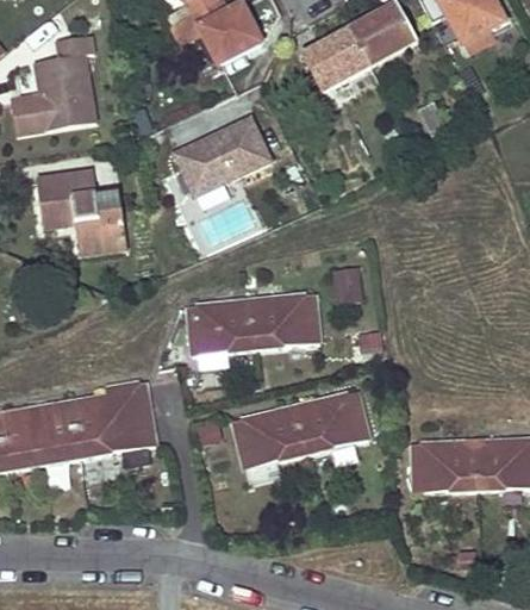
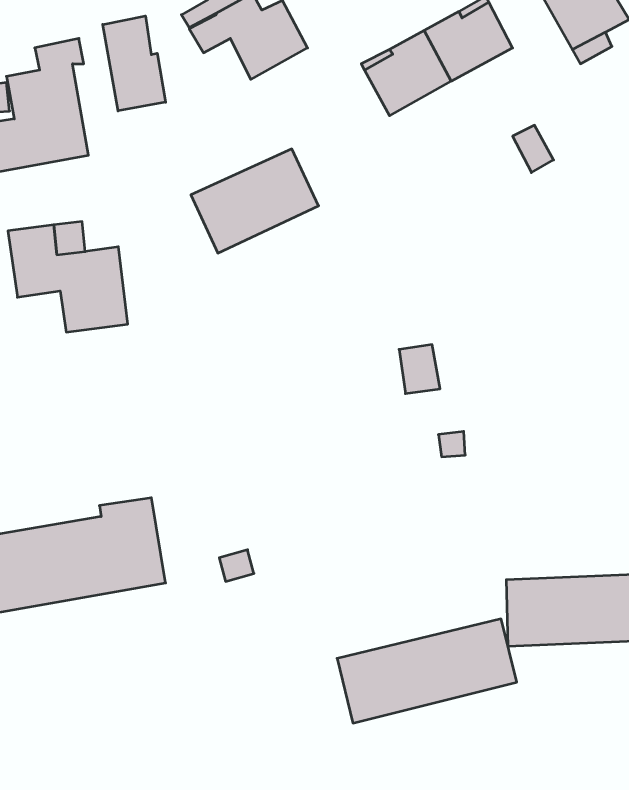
building: none -> [103,16,166,111]
building: [187,292,319,354] -> none
building: [232,390,368,468] -> [337,619,517,723]

